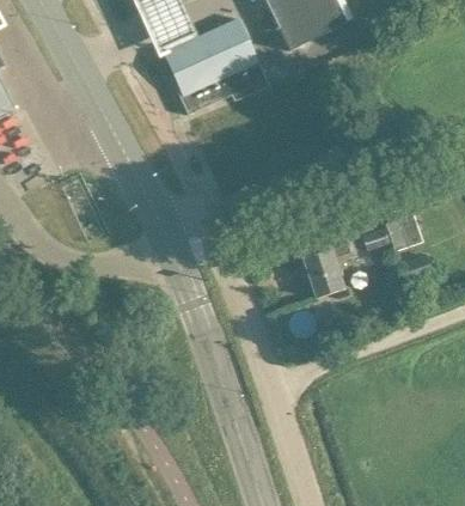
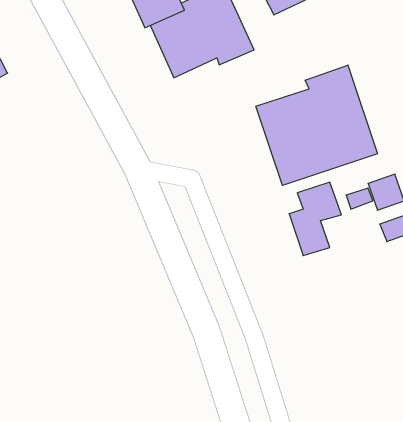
building: none -> [256,65,377,185]

